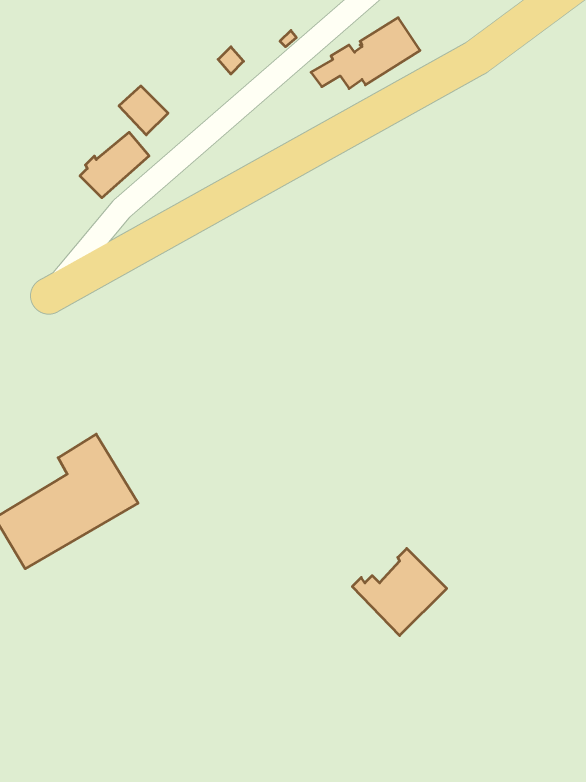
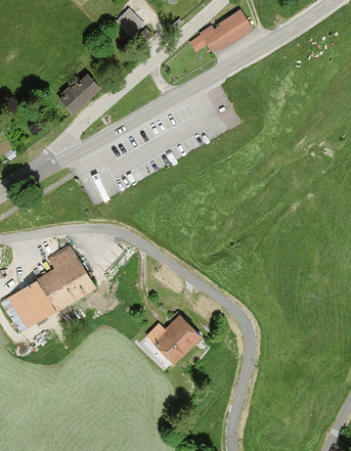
building: [119,86,168,135] -> [117,10,144,38]
building: [352,548,447,636] -> [143,312,196,361]

